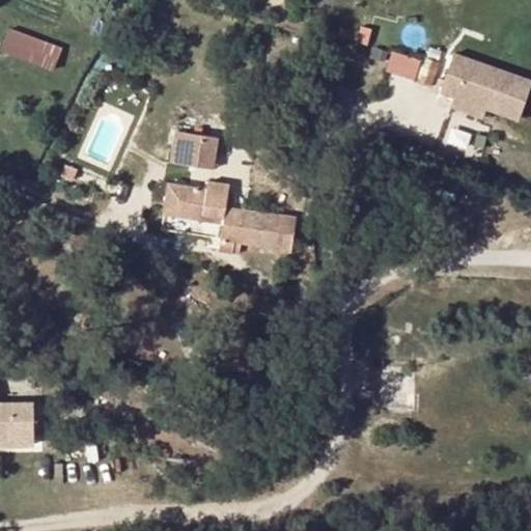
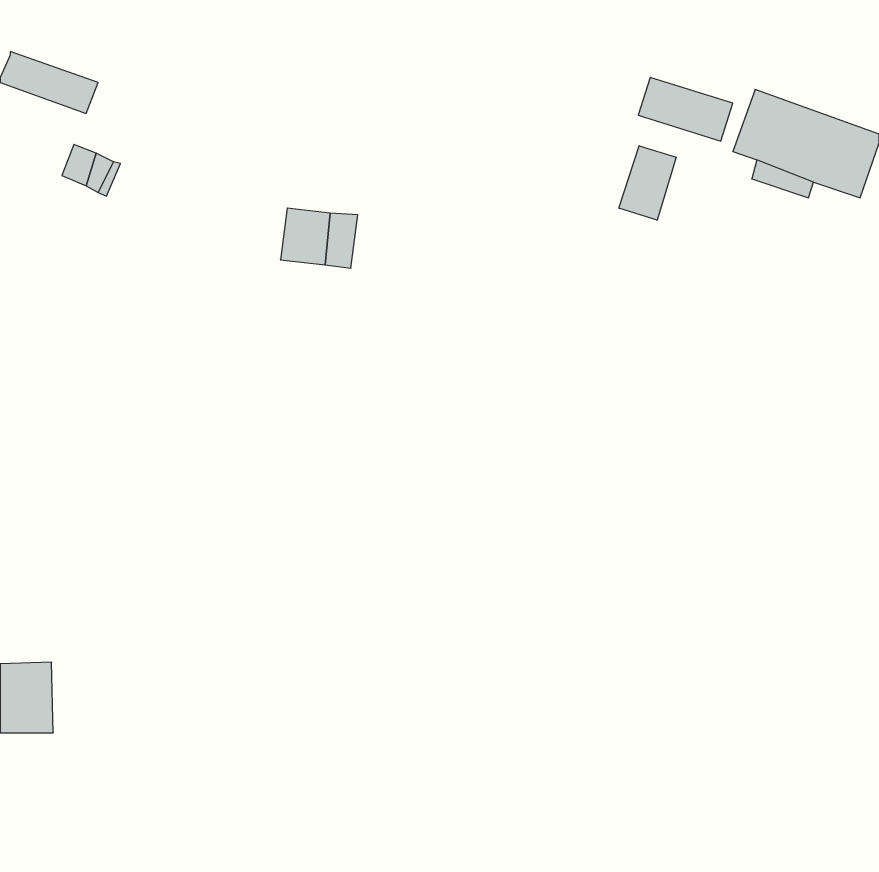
building: none -> [619,146,676,220]
building: [163,178,296,248] -> none

